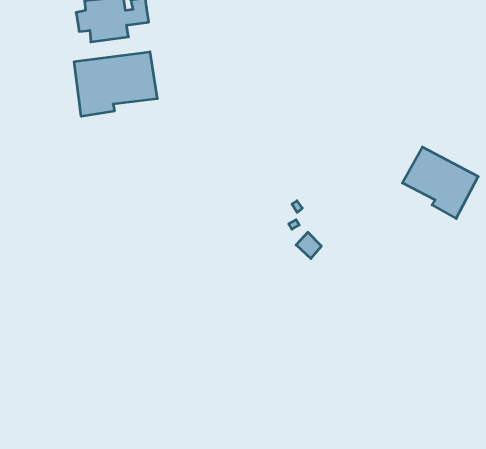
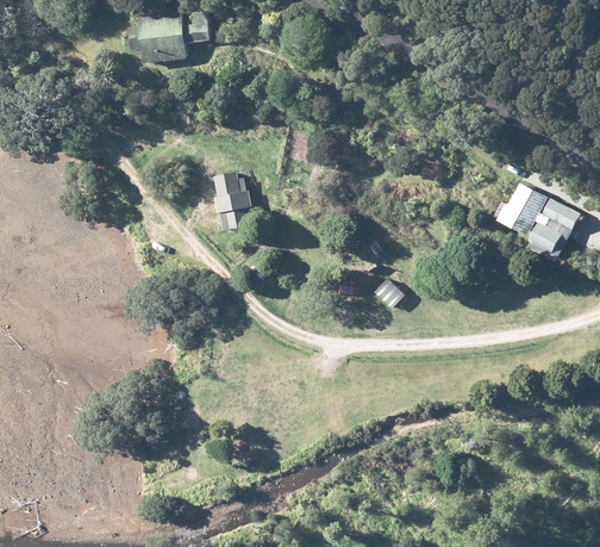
building: [74,52,157,116] -> none
building: none -> [214,170,252,229]

